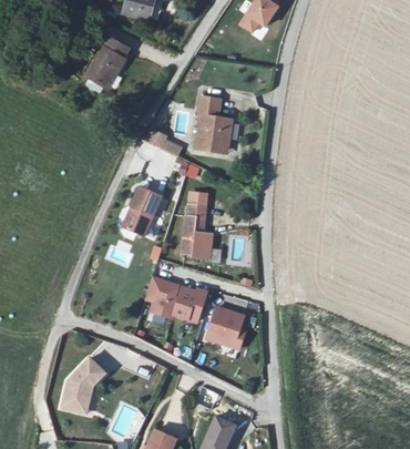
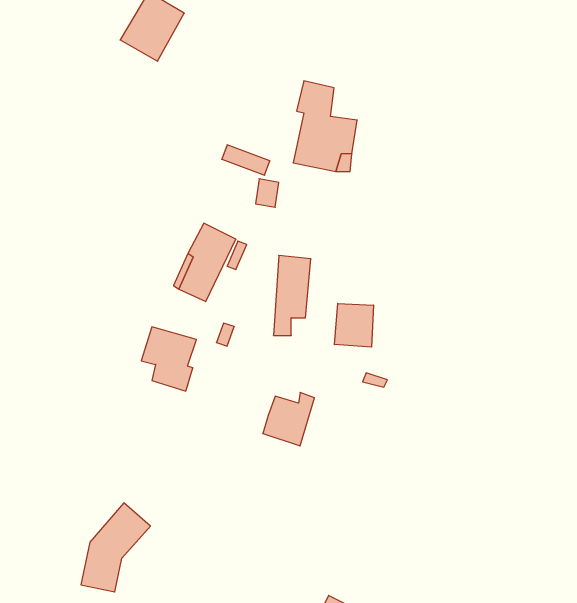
building: none -> [334,303,373,347]
building: [147,278,182,318] -> [141,327,196,391]
building: [211,307,248,349] -> none

